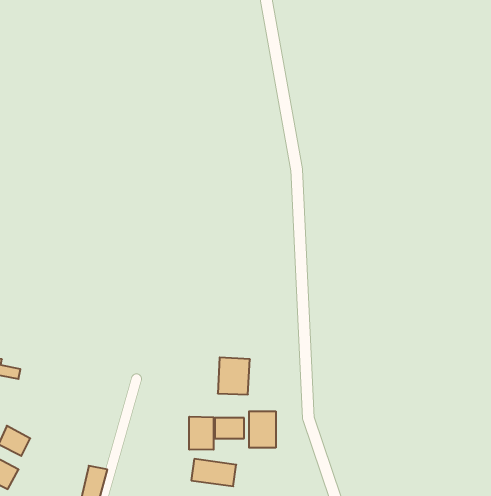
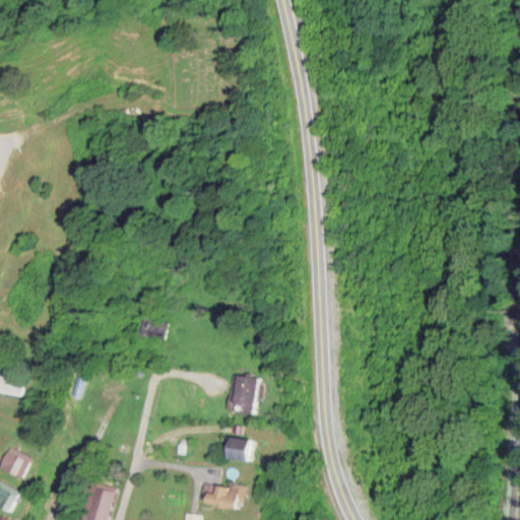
building: [249,411,276,448] -> none
building: [189,417,214,450] -> none

